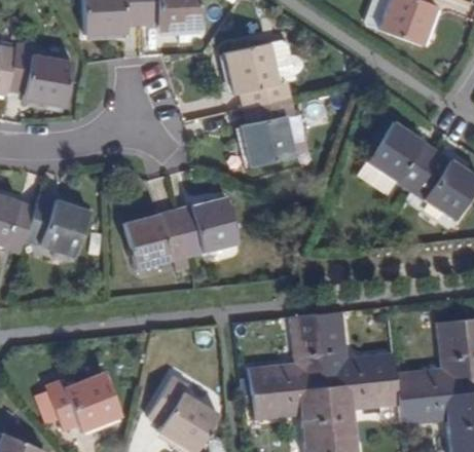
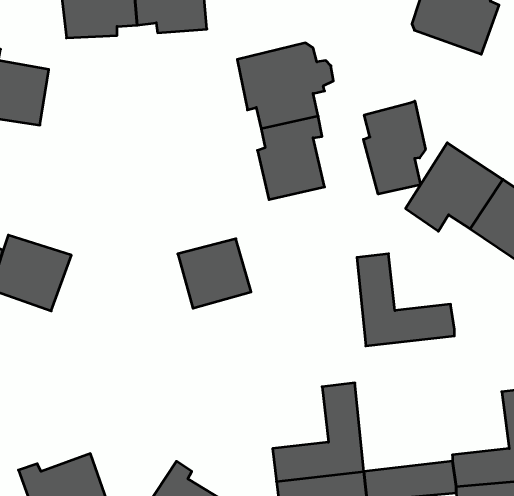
building: none -> [363,101,425,194]
building: [124,211,187,268] -> none
building: [319,312,398,387] -> [357,254,454,346]

